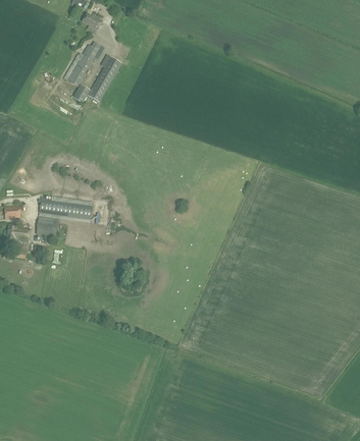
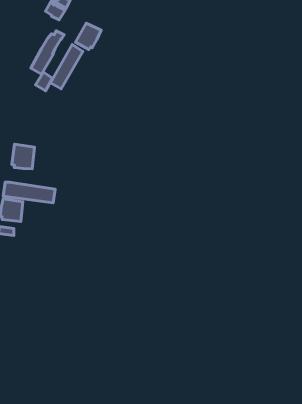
building: none -> [75,23,101,50]
building: none -> [12,144,34,169]

